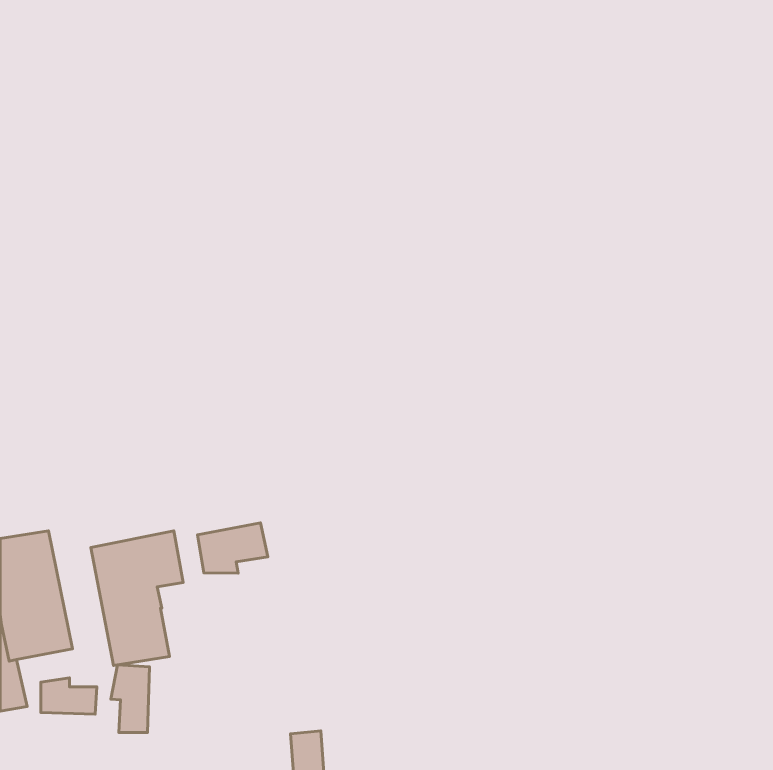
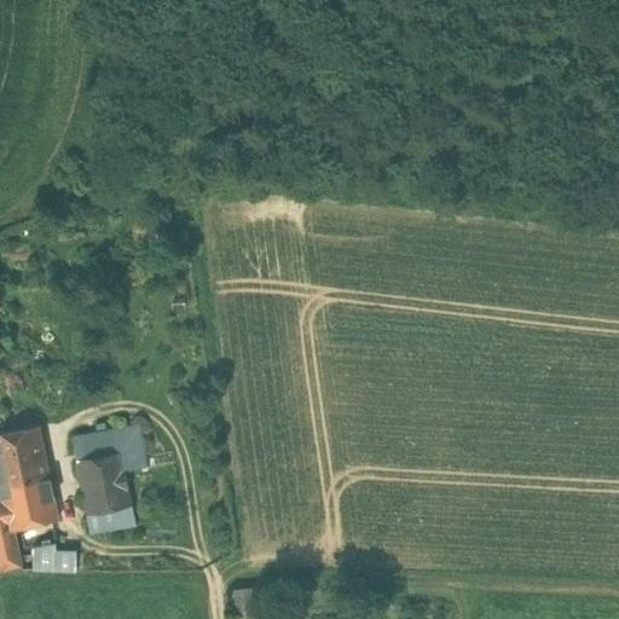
building: [197,523,268,573] -> none
building: [111,665,149,733] -> none

